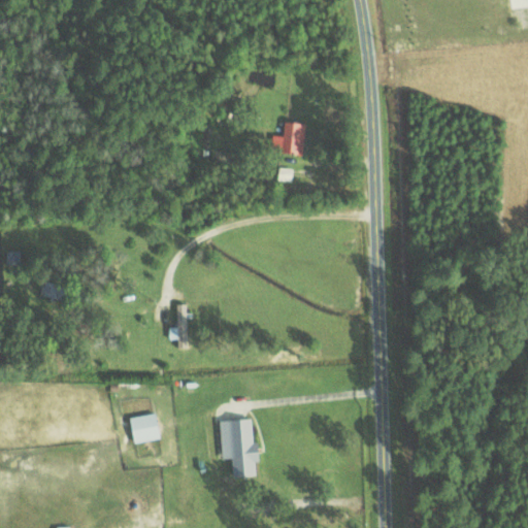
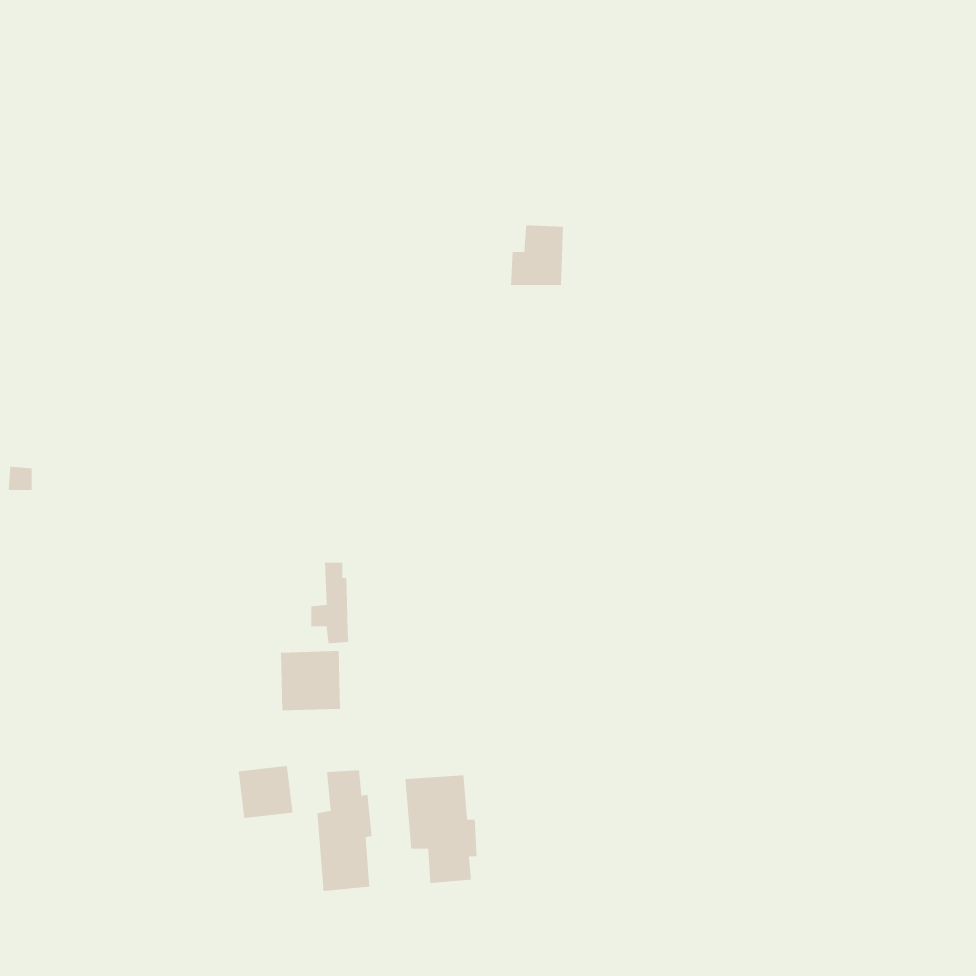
building: none -> [280,650,341,711]
building: none -> [316,769,372,892]

